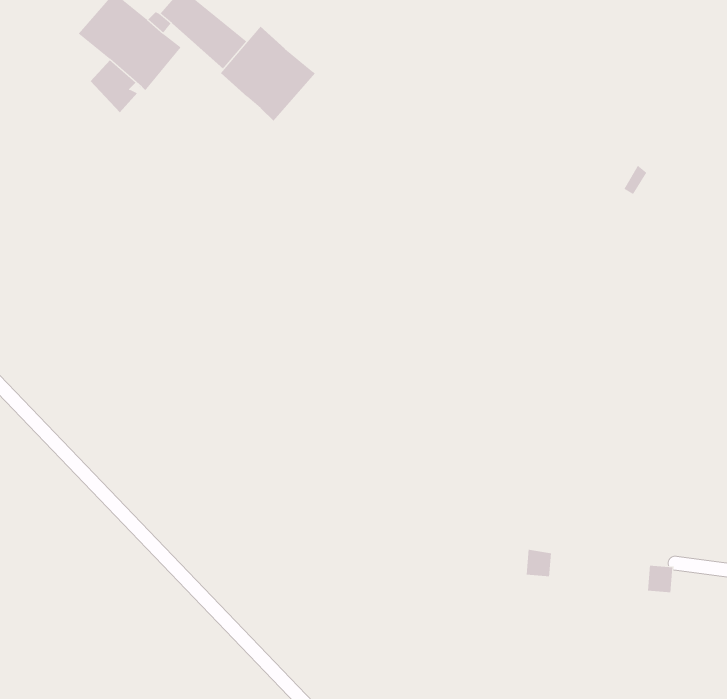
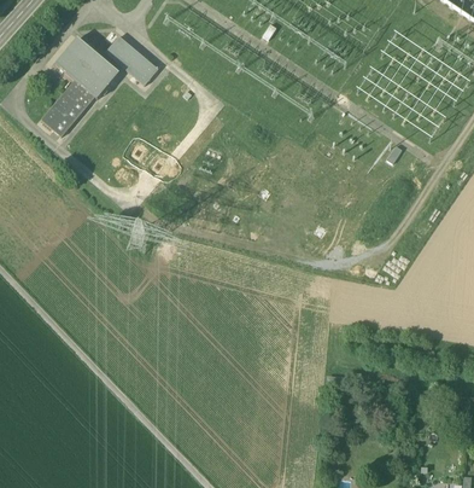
building: [220,26,316,121] -> none
building: none -> [41,92,81,135]

